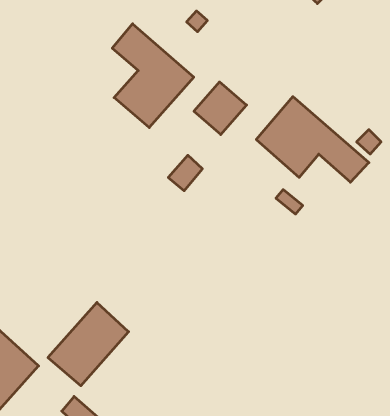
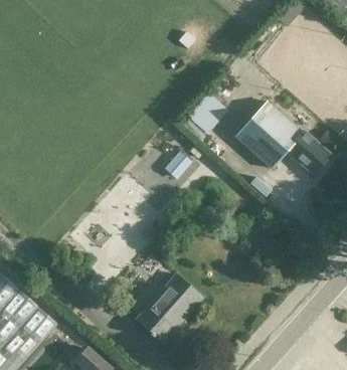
building: [112,24,194,128] -> none
building: [48,302,129,386] -> [136,274,202,343]

